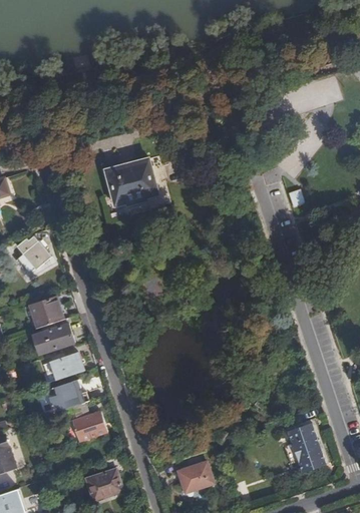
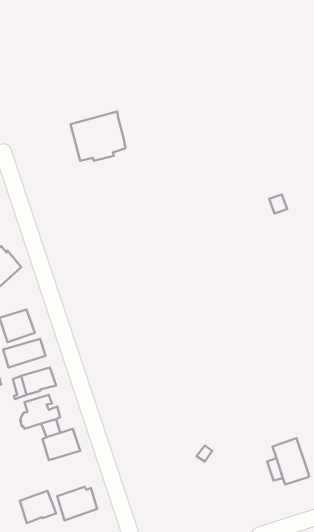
building: [105,159,157,206] -> [71,111,126,161]
building: [177,462,216,491] -> none
building: none -> [20,491,56,523]

